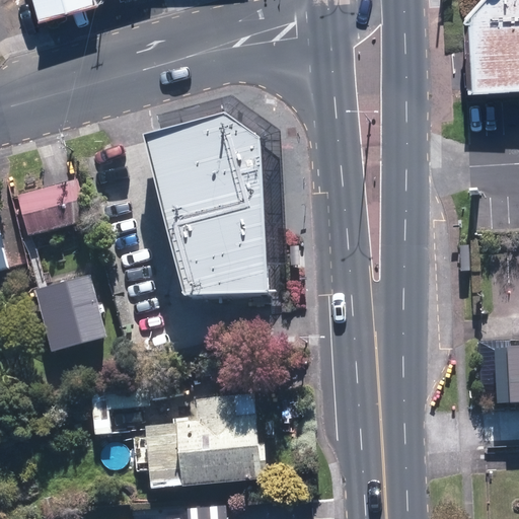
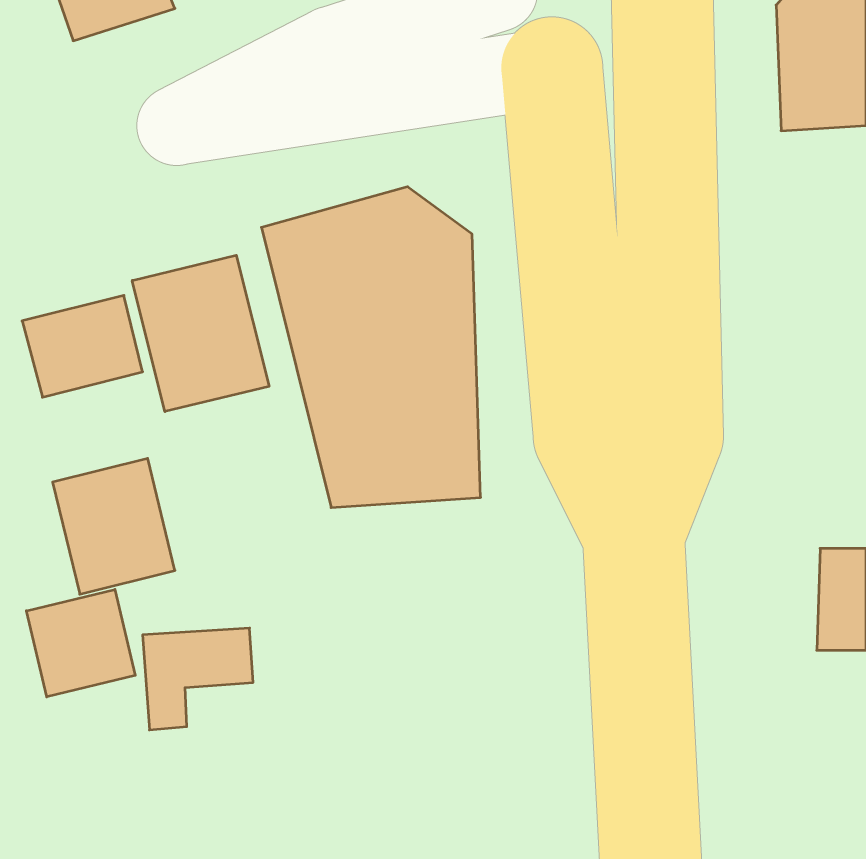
building: none -> [132,255,269,412]
building: none -> [26,589,135,697]
building: [131,392,267,490] -> none

